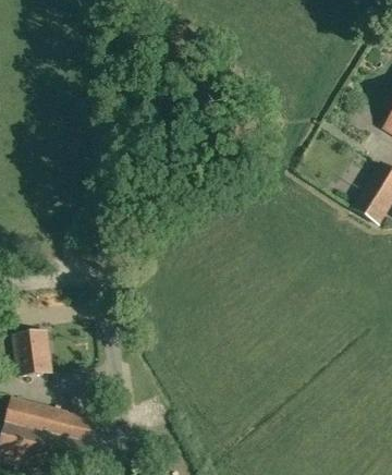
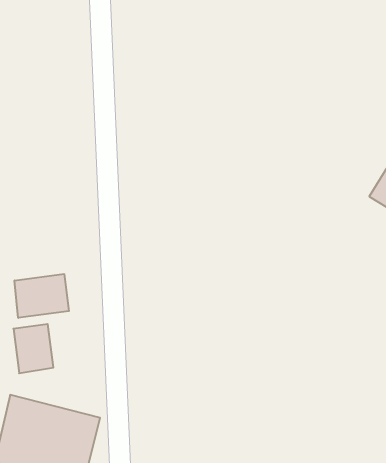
building: none -> [15,274,69,318]

